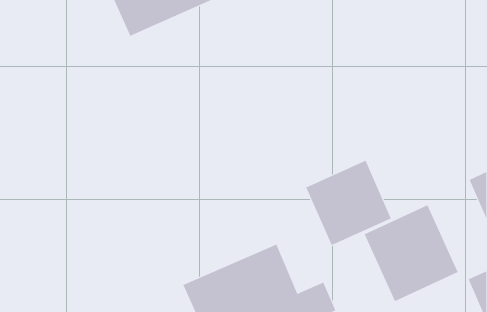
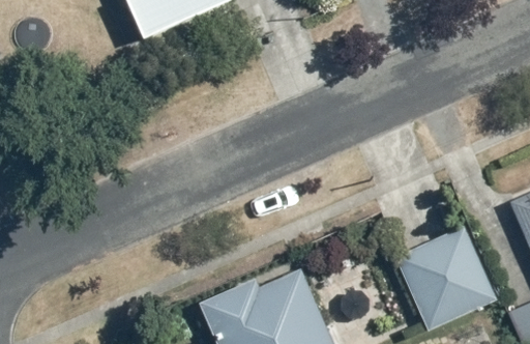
building: [306,160,392,246] -> none

